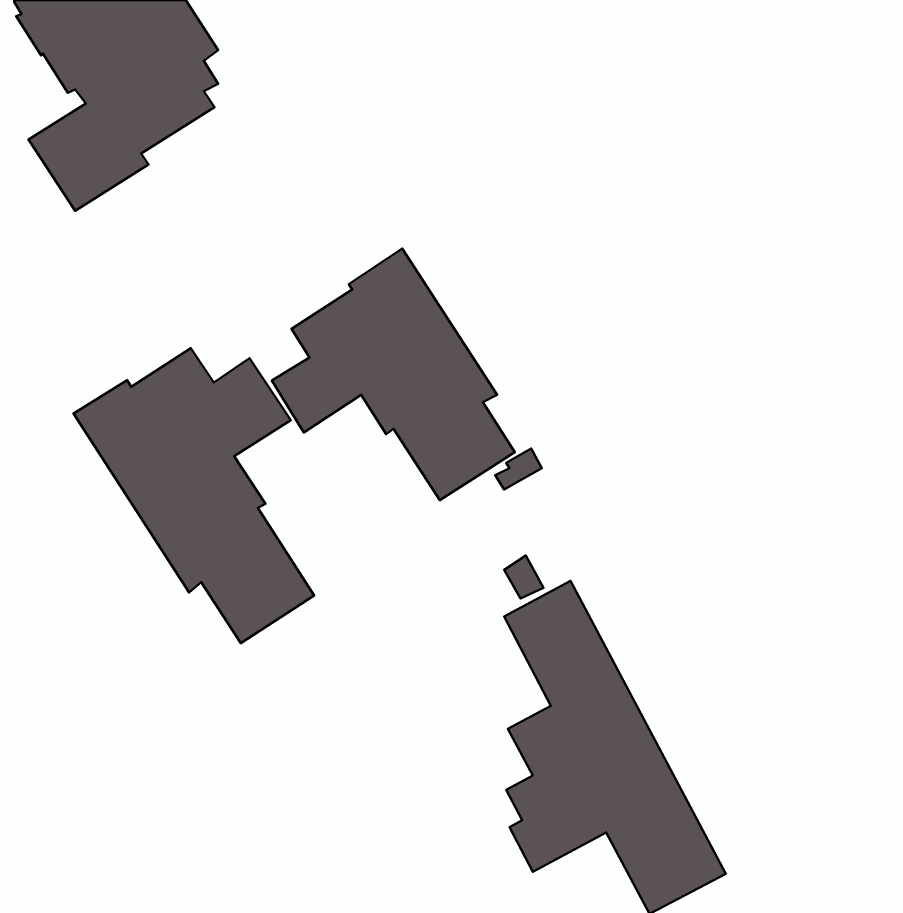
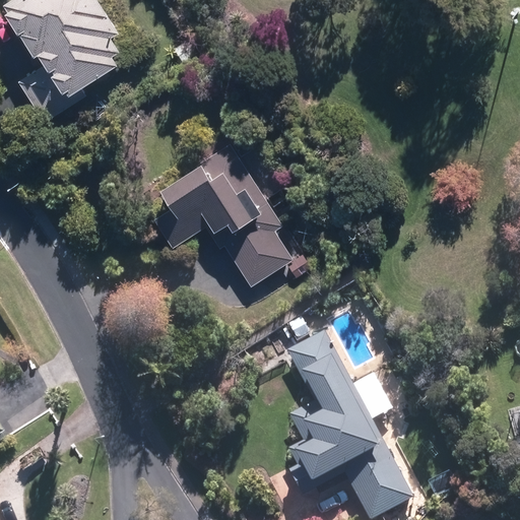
building: [73,348,314,643] -> none

